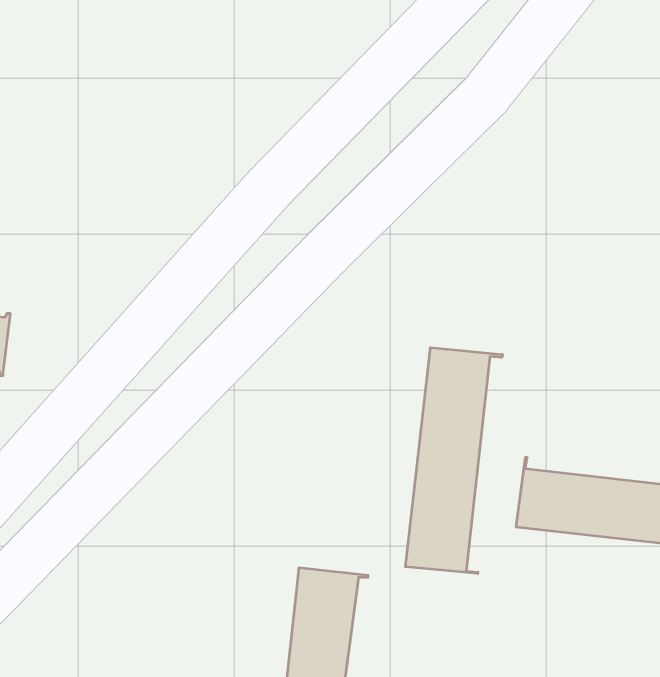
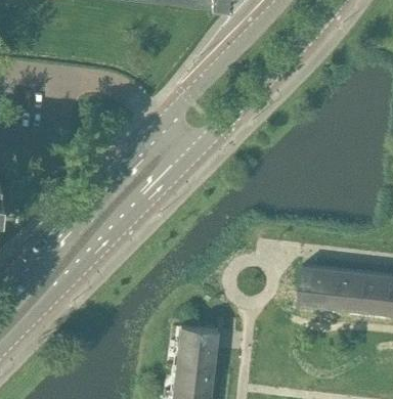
building: [405,348,502,574] -> none

